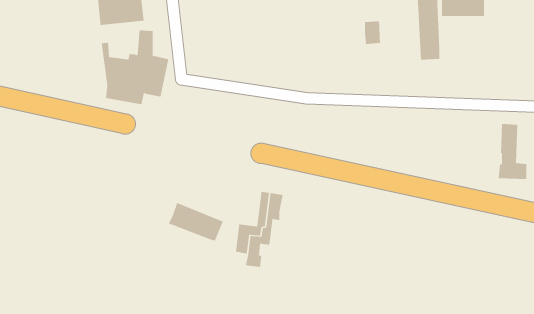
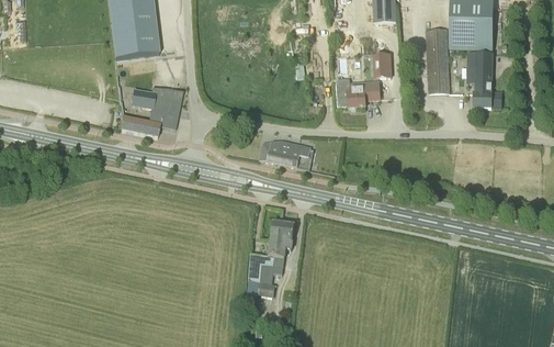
building: none -> [347,79,380,108]
building: none -> [260,139,309,166]
building: [498,124,527,180] -> [473,52,501,107]
building: [168,202,223,241] -> none

